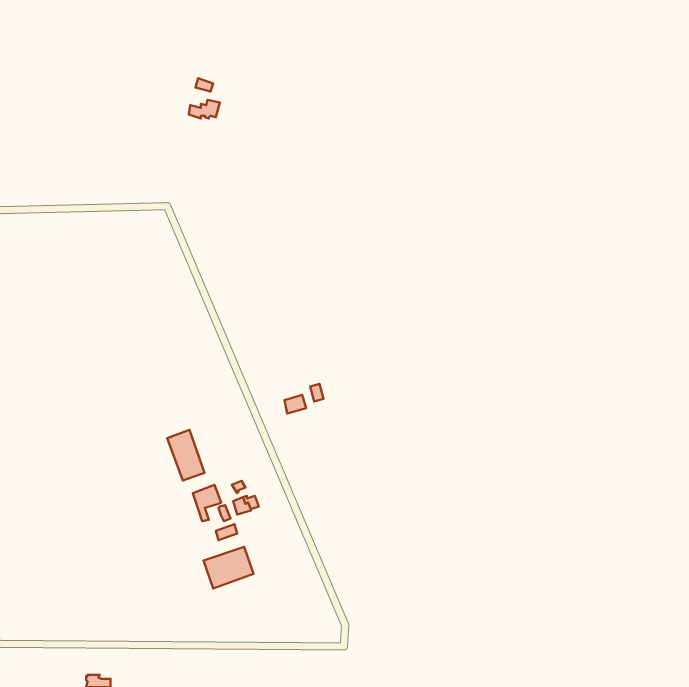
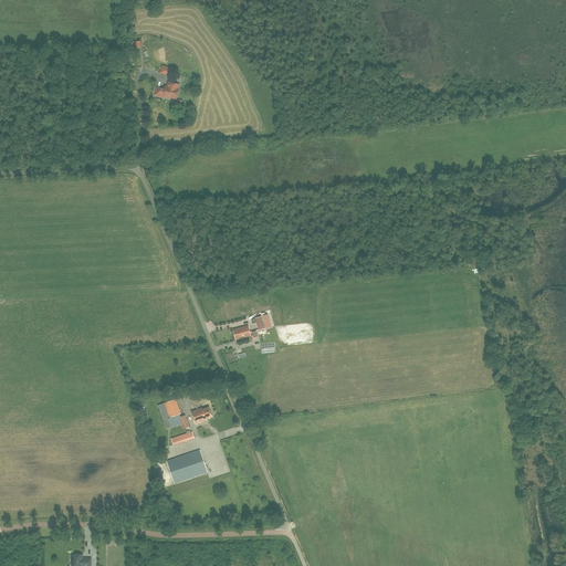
building: [167,430,204,480] -> none

